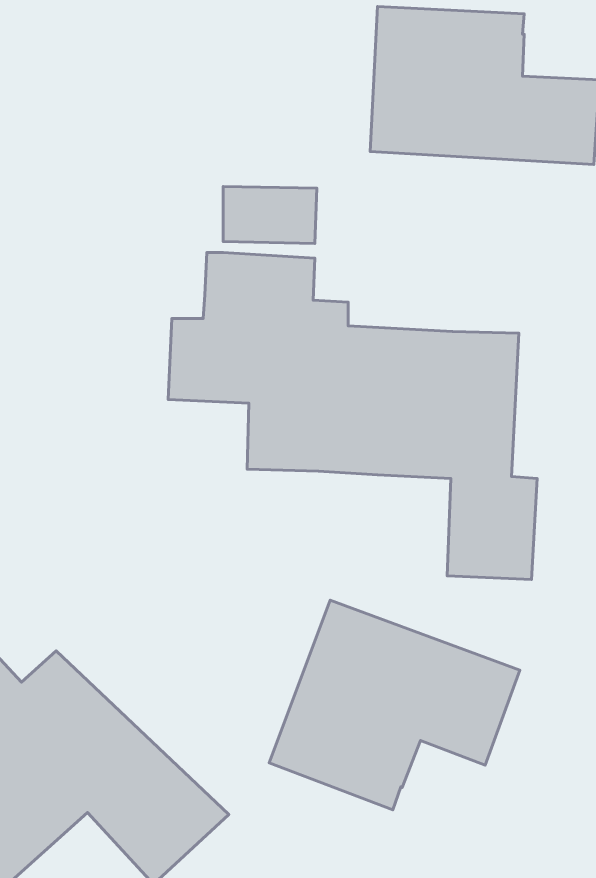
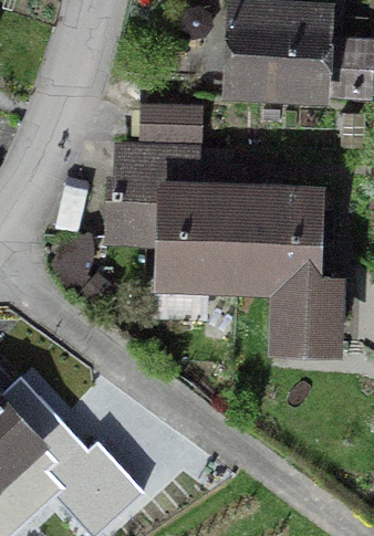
building: [269,600,520,810] -> none

